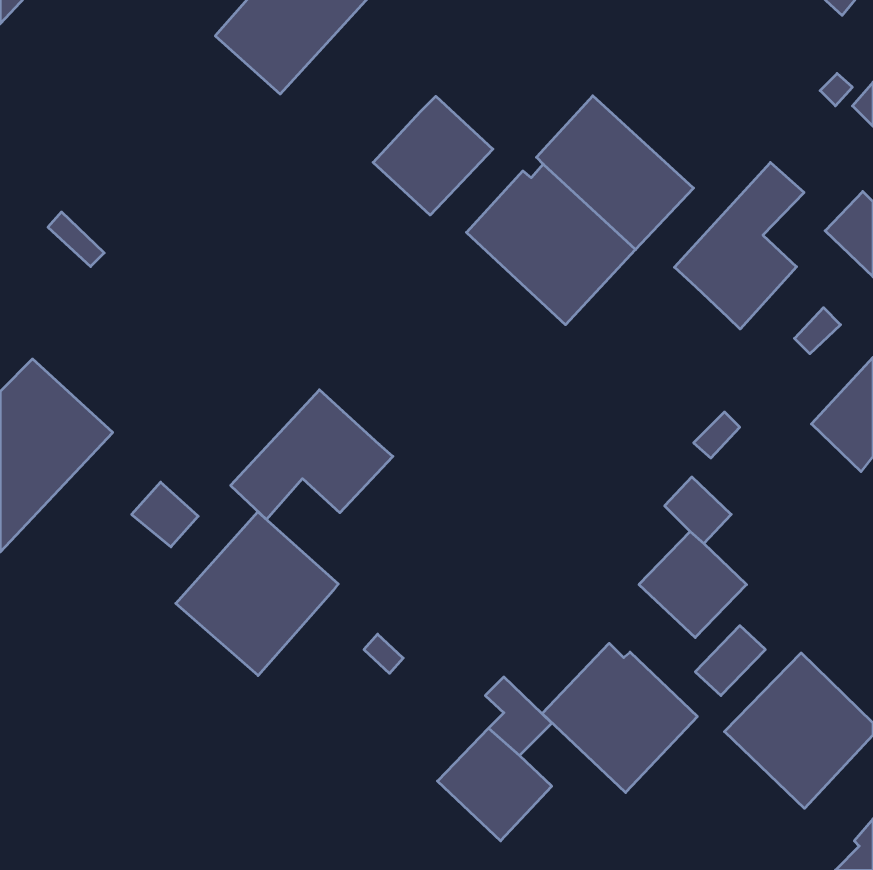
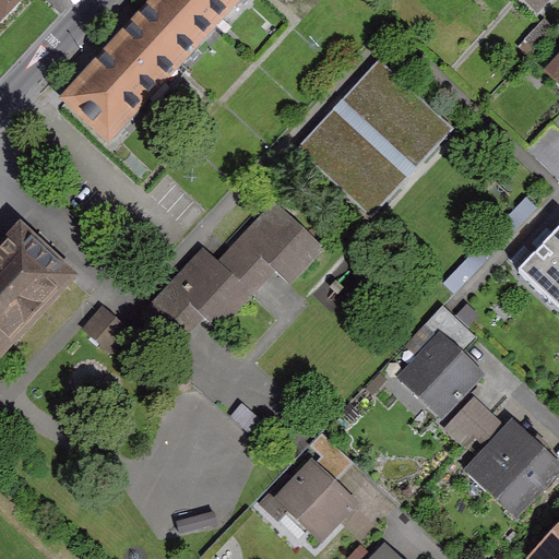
building: none -> [67,23,179,136]
building: [373,96,493,215] -> none
building: [674,162,804,329] -> none
building: none -> [219,187,322,284]
building: [176,512,338,676] -> none
building: [542,643,697,793] -> none

